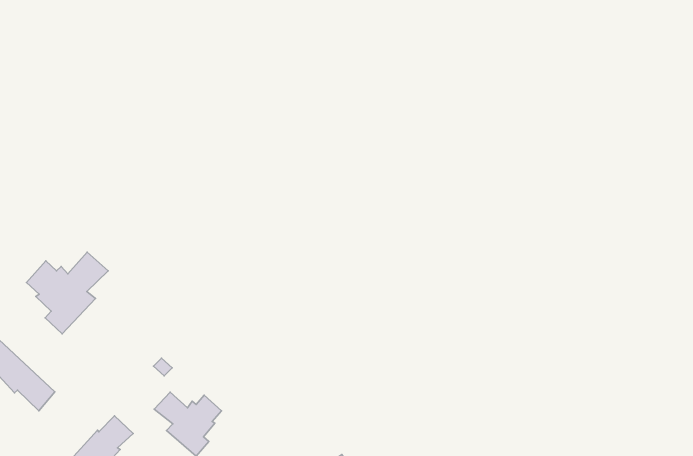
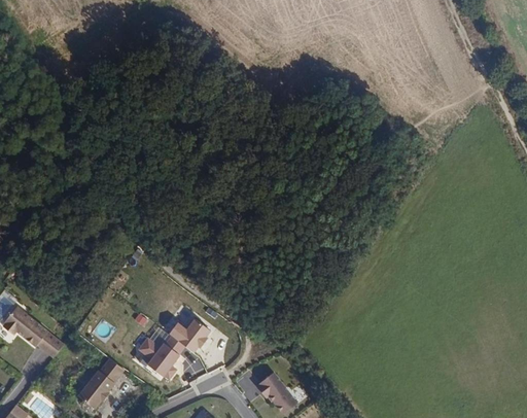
building: [26,252,108,334] -> none
building: none -> [167,318,210,354]

